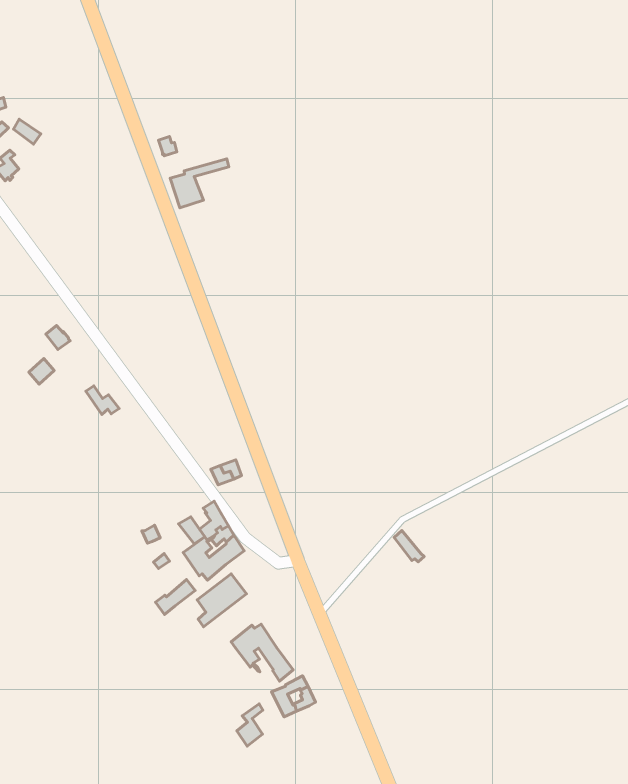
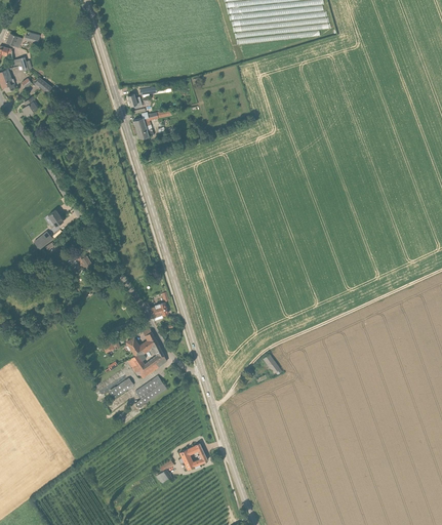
building: [231,624,293,681] -> none

